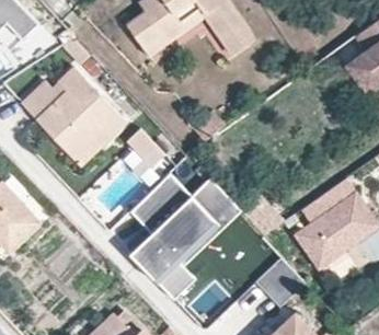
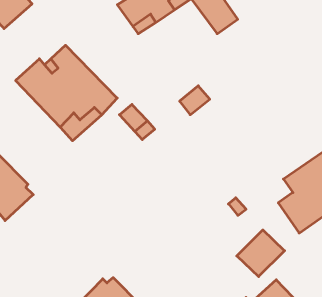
building: [128,174,238,299] -> none

